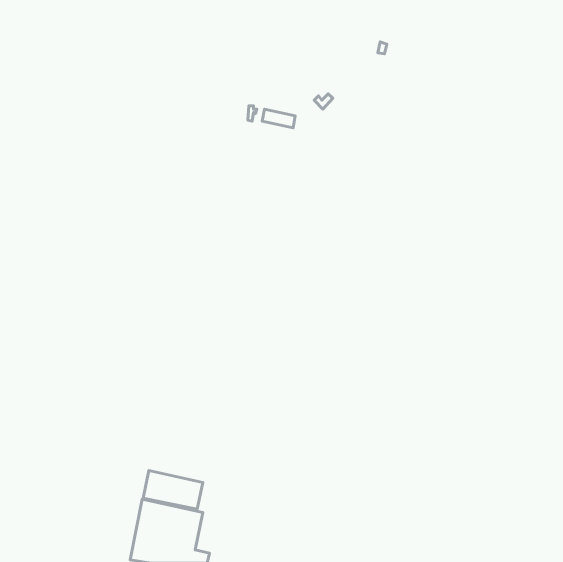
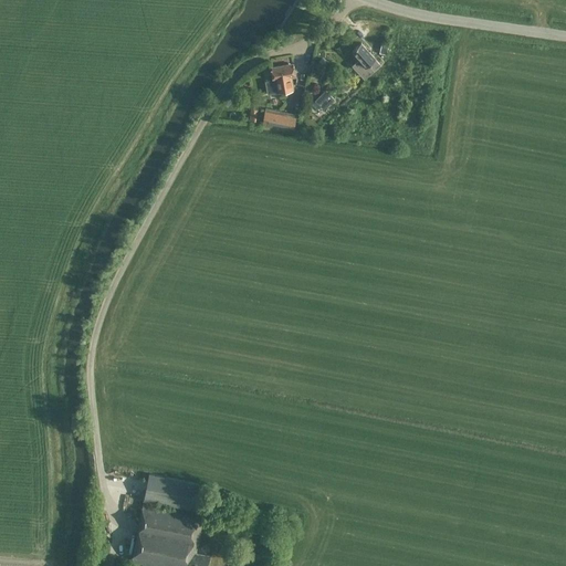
building: none -> [352,44,380,78]
building: none -> [264,65,295,96]

